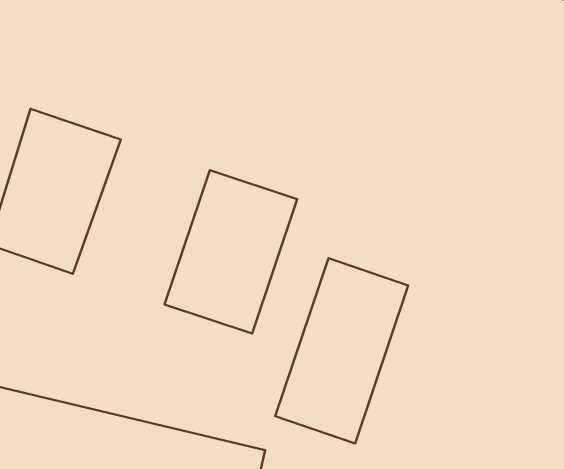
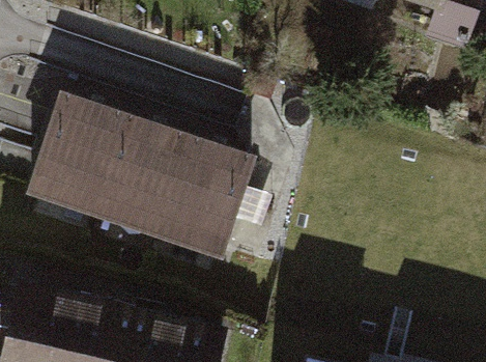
building: none -> [93,118,191,235]
building: [275,258,408,443] -> none

